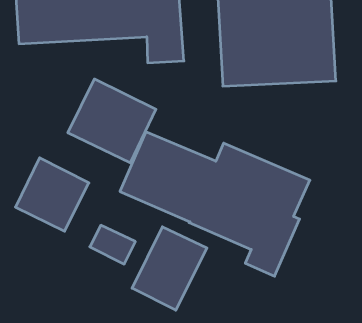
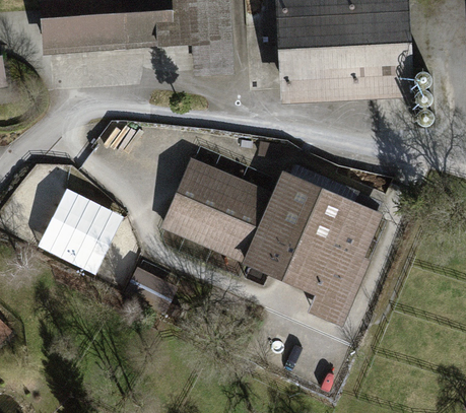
building: [68,79,156,163] -> none
building: [132,227,207,310] -> none

